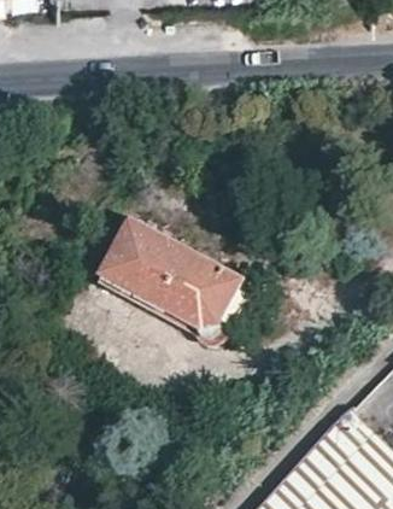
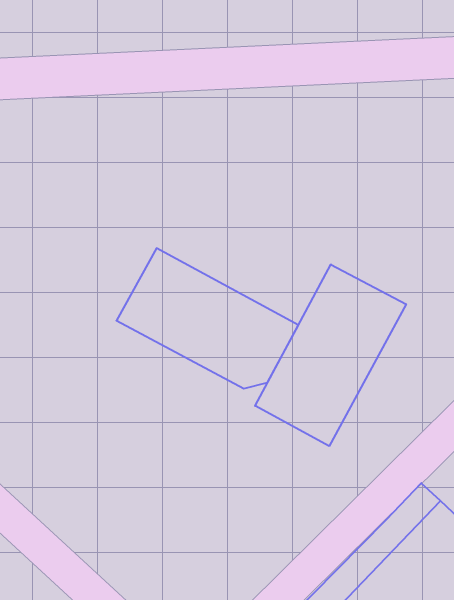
building: none -> [255,264,406,446]

